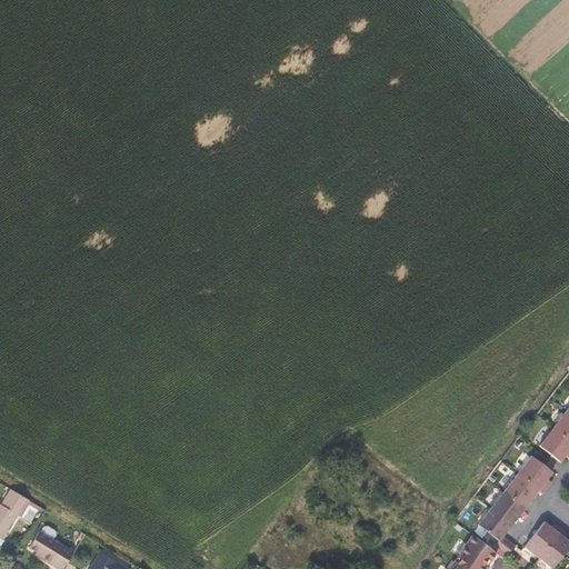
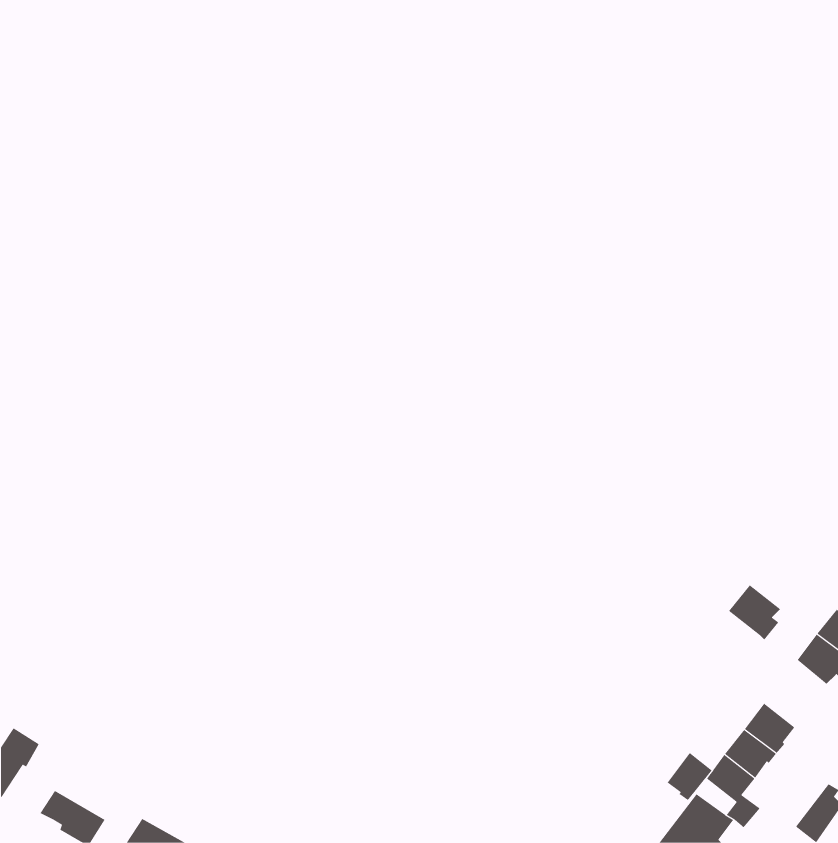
building: [518,456,553,493] -> [728,584,781,641]
building: none -> [667,752,712,801]
building: [526,521,561,557] -> none

